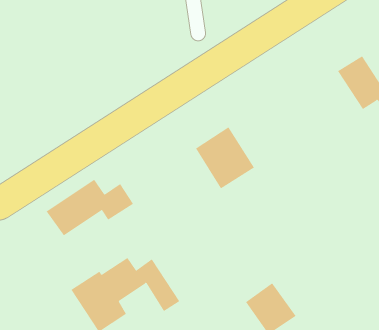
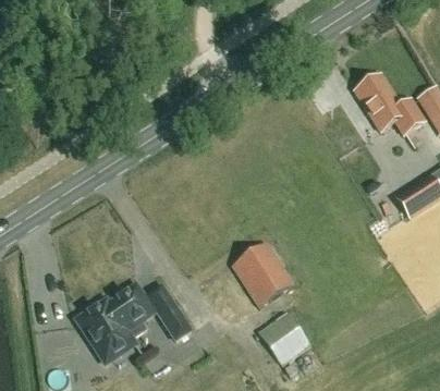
building: [195,127,255,189] -> [231,241,293,306]
building: [46,179,134,236] -> none

